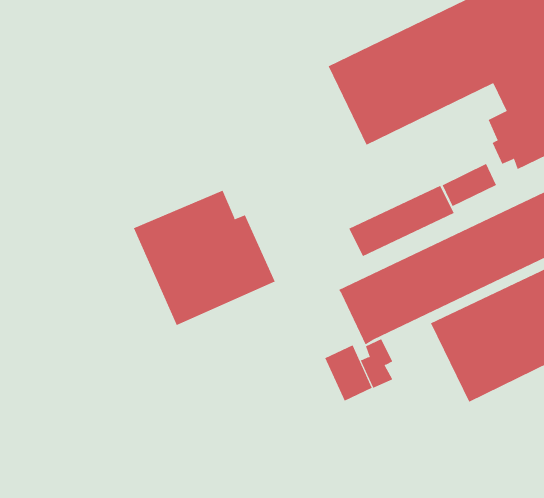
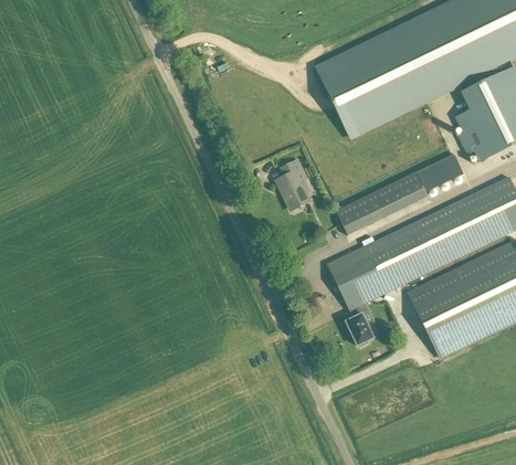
building: none -> [276,159,310,209]
building: [133,190,276,326] -> none
building: [325,345,373,401] -> none

